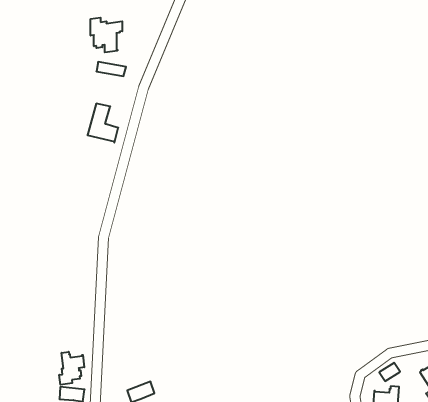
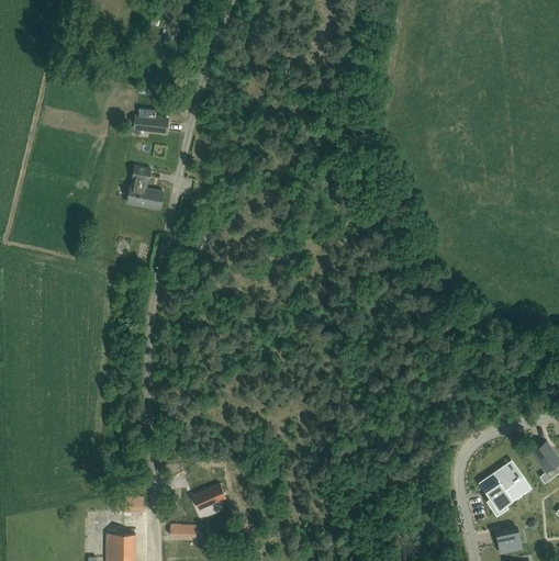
building: [91,18,122,52] -> none
building: [59,352,84,385] -> none

